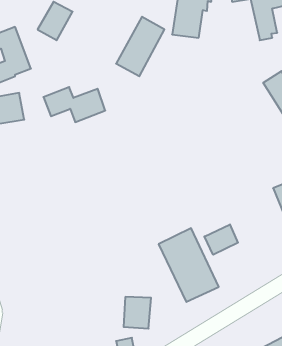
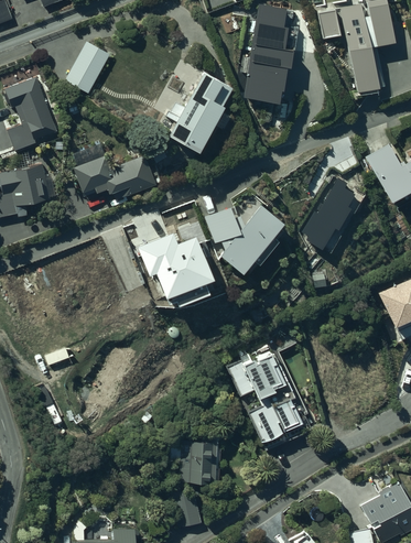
building: none -> [302,172,355,242]
building: none -> [203,198,284,270]
building: none -> [138,230,214,306]
building: [204,224,238,255] -> none

